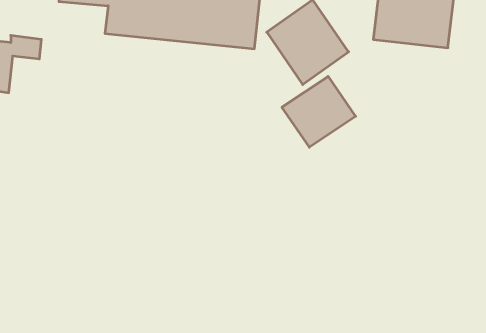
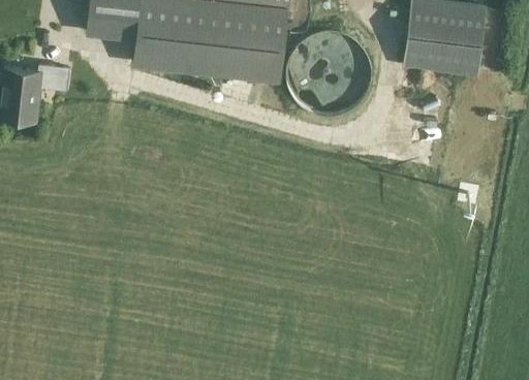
building: [282,76,356,147] -> none

